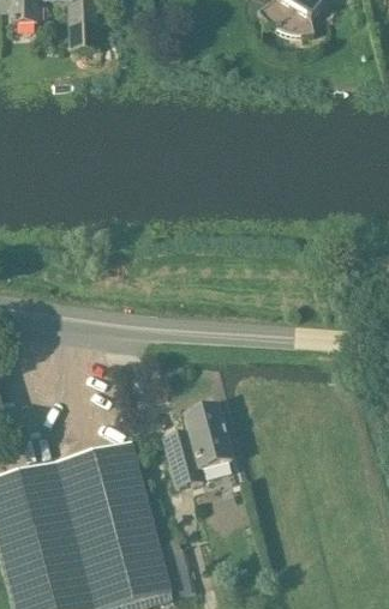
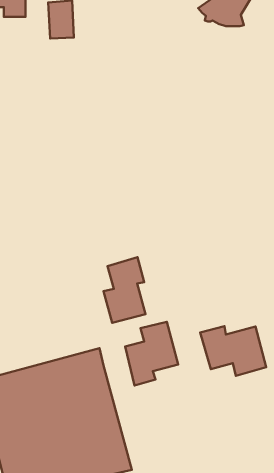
building: none -> [103,257,145,323]
building: none -> [200,326,266,376]

